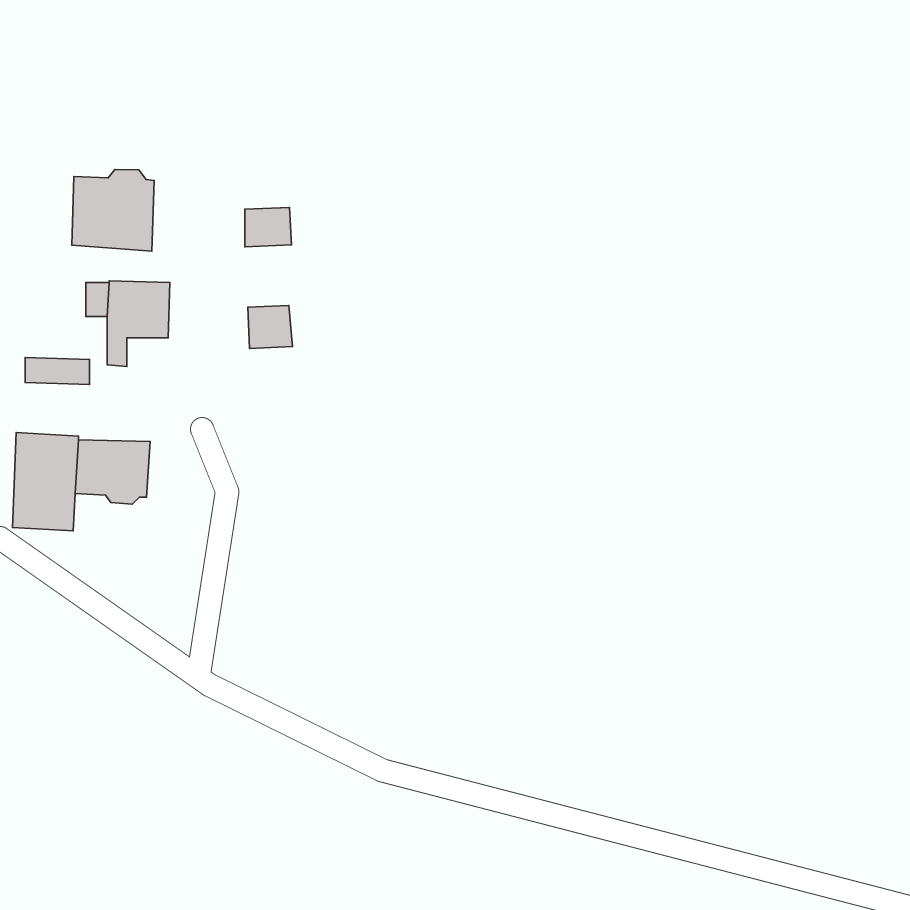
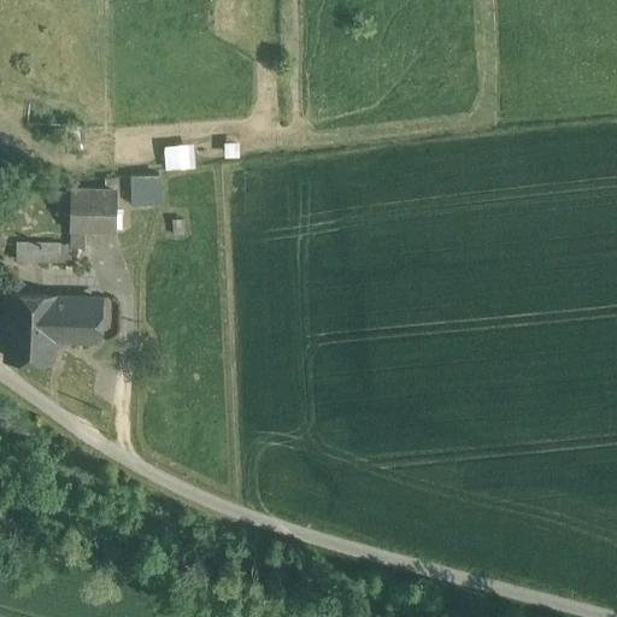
building: [72,169,154,251] -> none
building: [248,306,292,348] -> [134,176,164,205]

